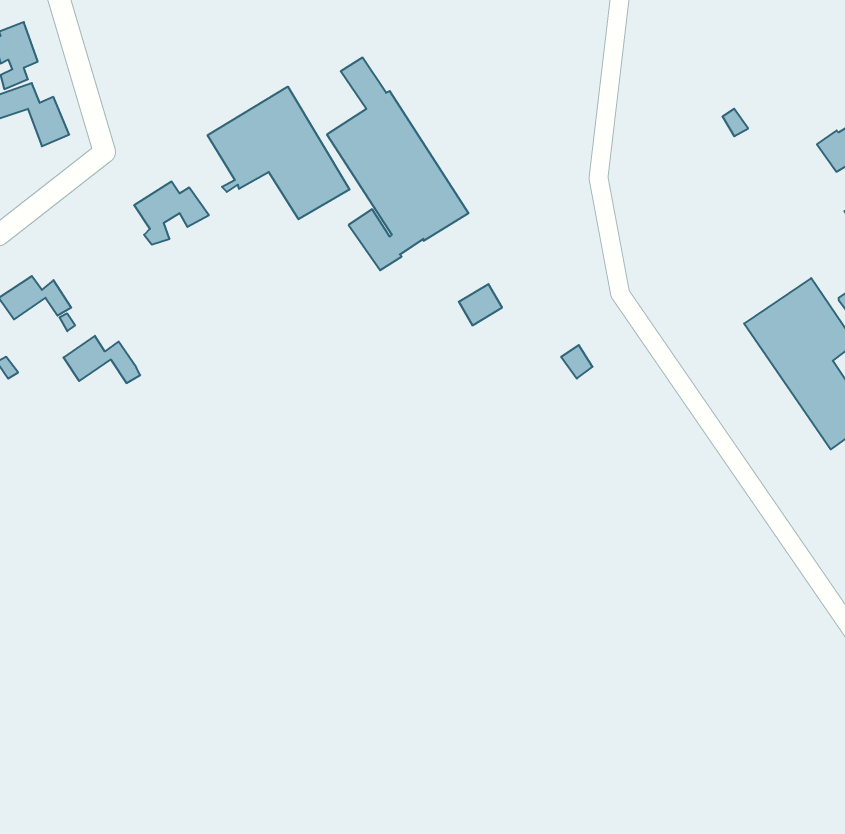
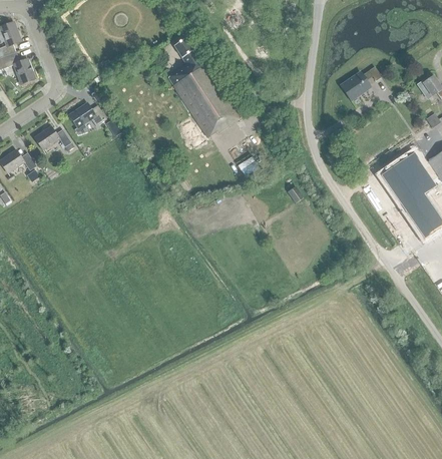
building: [208,87,350,219] -> none
building: none -> [340,70,369,97]
building: [63,336,140,383] -> [35,126,74,150]

